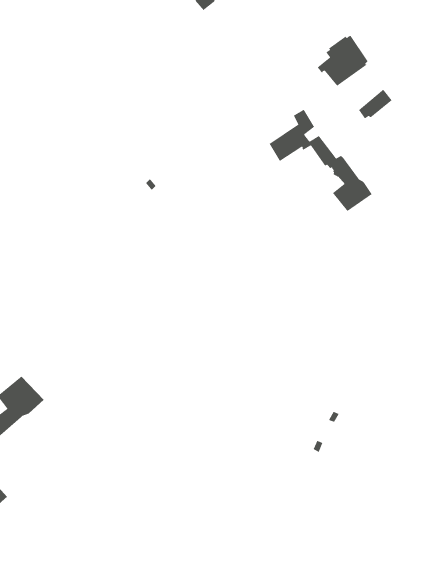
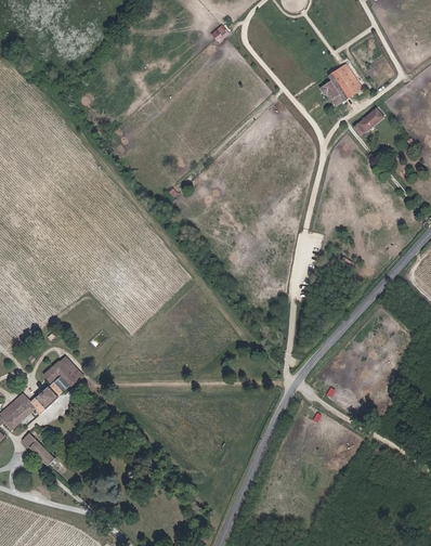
building: [269,109,372,212] -> none

